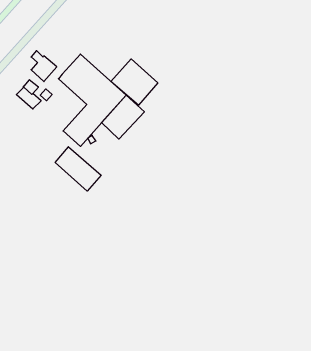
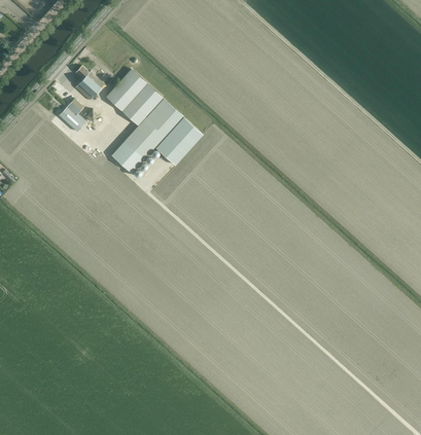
building: [111,59,158,105] -> none
building: [55,147,101,191] -> none

